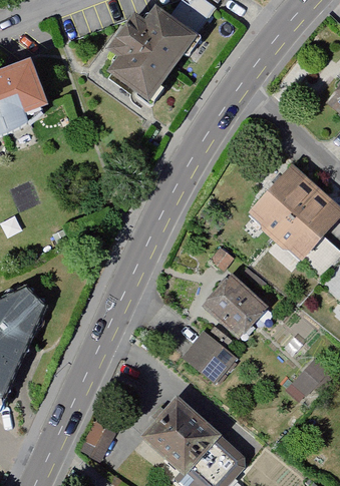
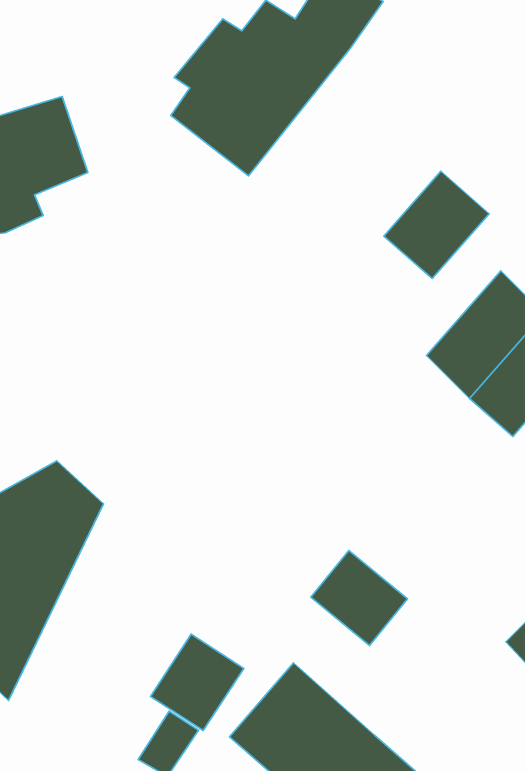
building: none -> [384,171,489,279]
building: [200,268,268,335] -> none
building: none -> [151,634,244,730]

